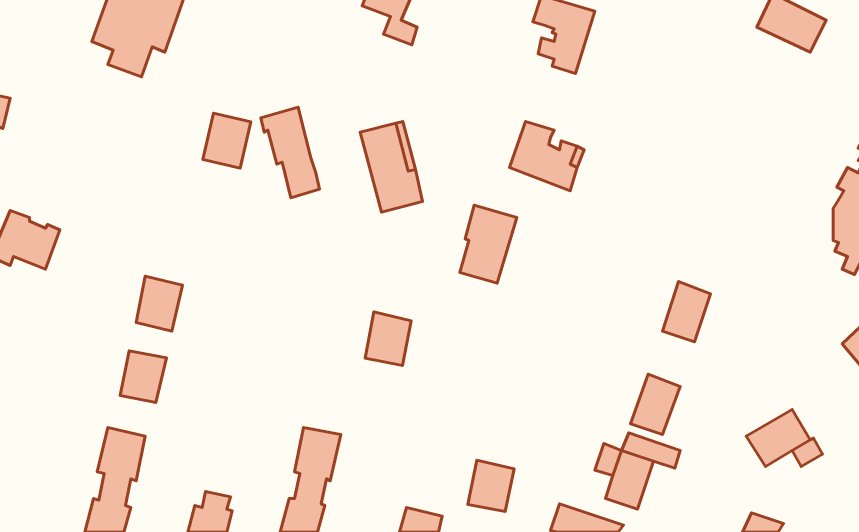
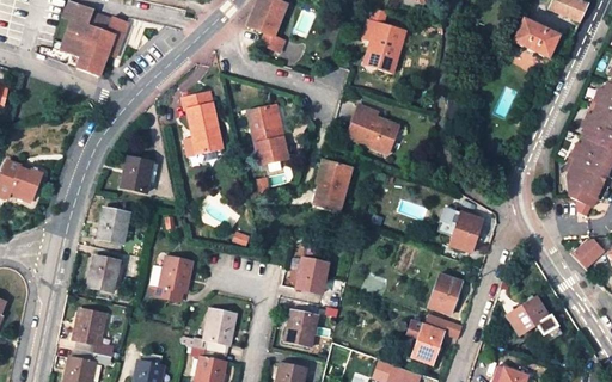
building: [203,113,251,168] -> [118,155,151,192]
building: [365,312,411,365] -> [294,257,325,292]
building: none -> [147,255,190,300]
building: [468,460,514,512] -> [283,310,314,345]

